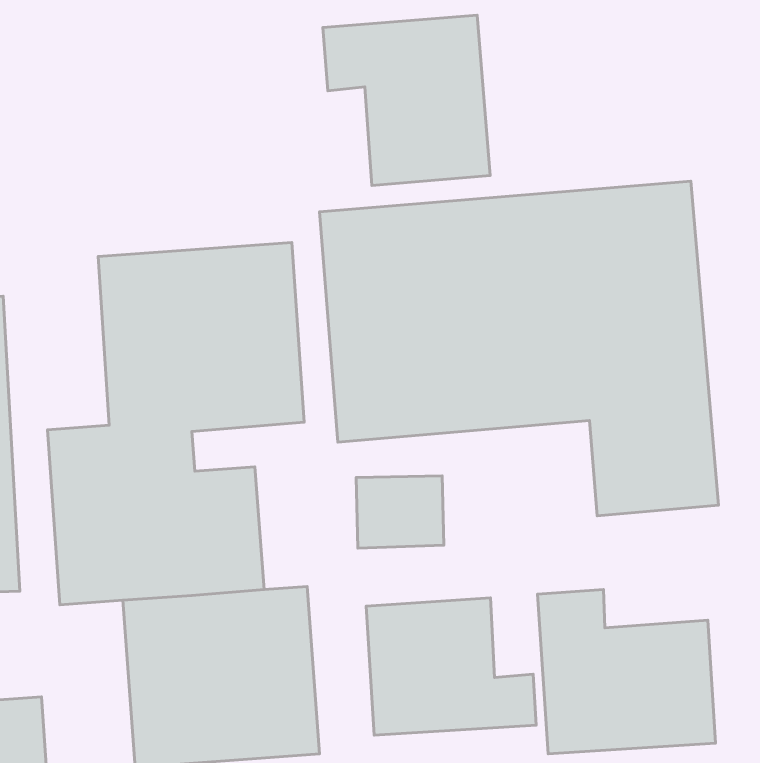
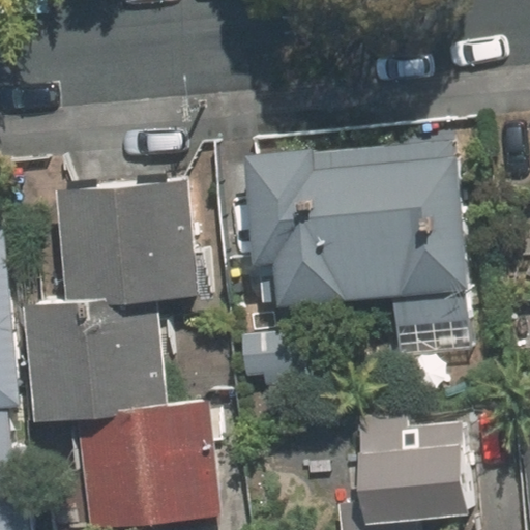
building: [323,15,490,186] -> none
building: [366,598,536,735] -> none

